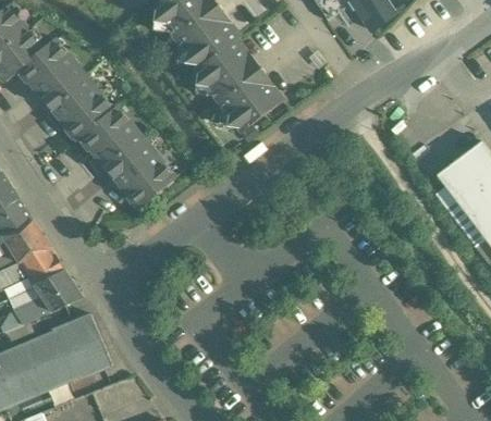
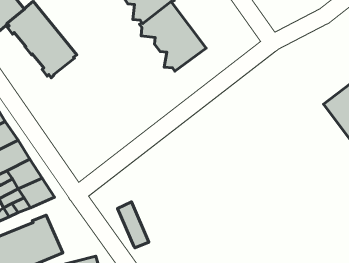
building: [81,107,174,208] -> none
building: [71,313,112,374] -> [117,202,149,248]

